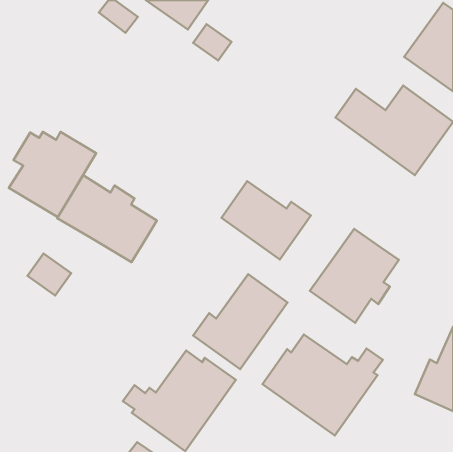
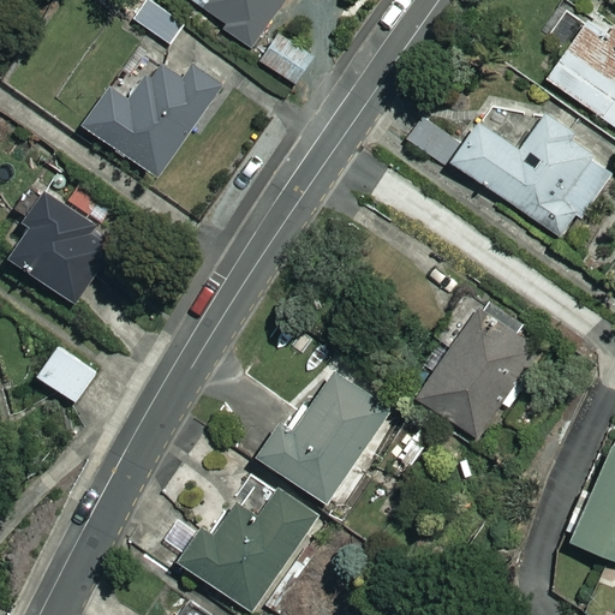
building: none -> [83,55,228,178]
building: [57,175,157,262] -> none
building: [222,181,311,260] -> none
building: [262,334,383,436] -> none

